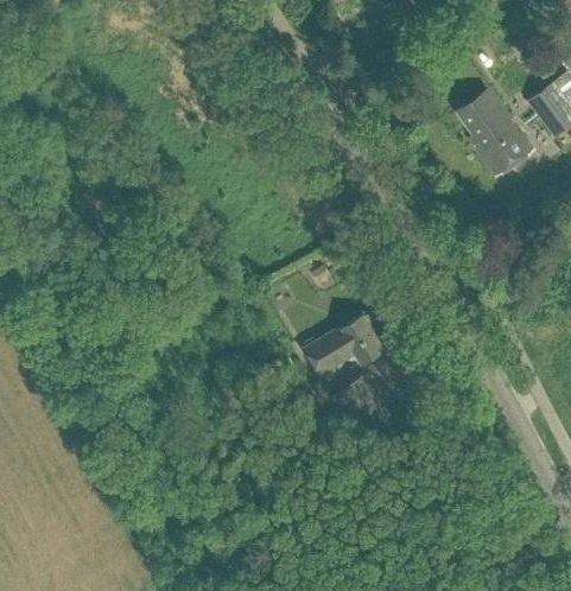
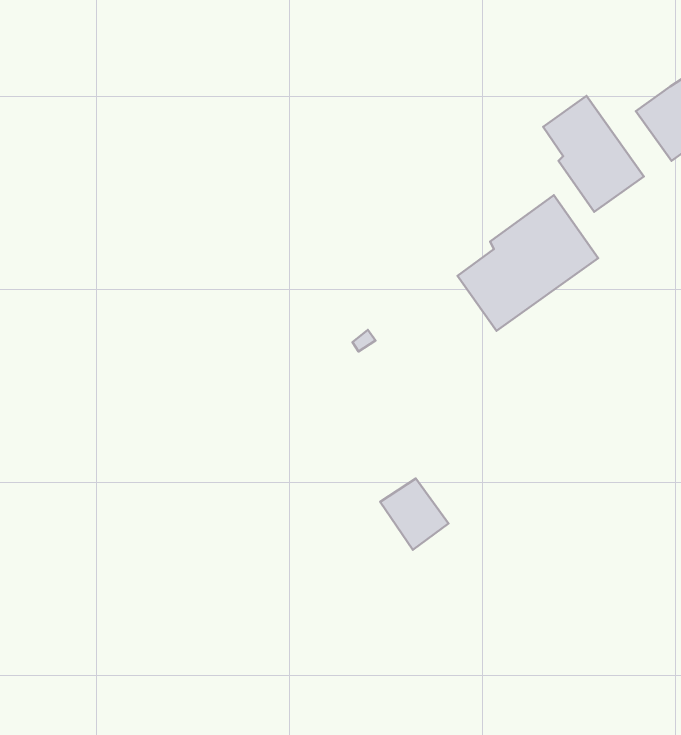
building: none -> [458,195,598,331]
building: [305,314,383,370] -> none

